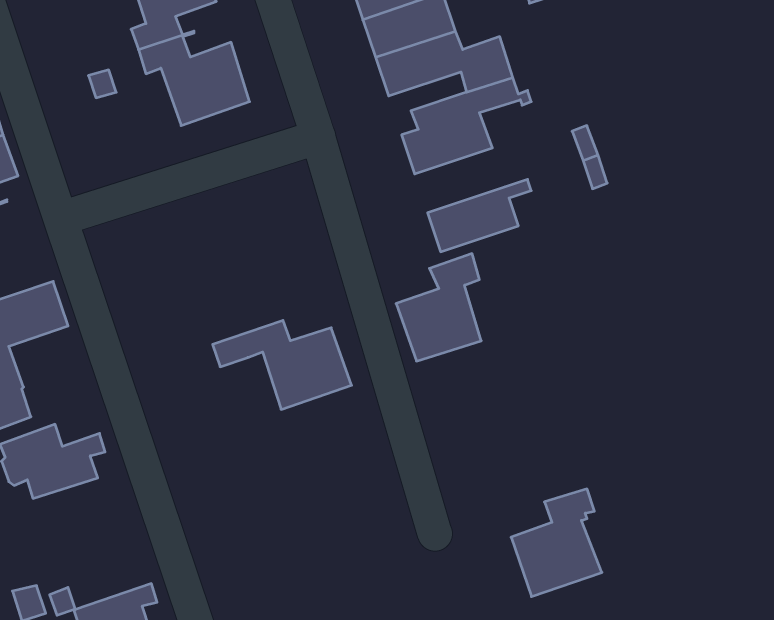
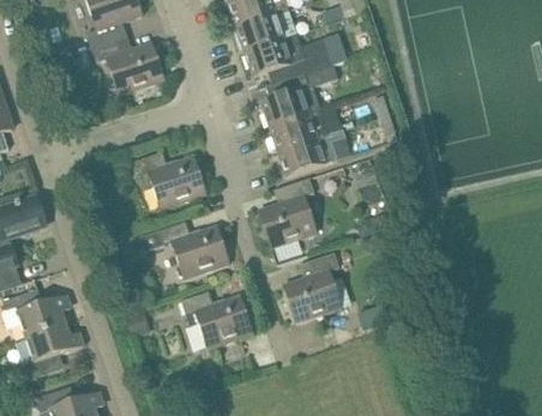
building: none -> [270,109,329,151]
building: none -> [134,151,206,209]
building: none -> [181,290,252,348]
building: none -> [22,322,84,379]
building: [511,489,602,597] -> [283,253,342,322]

